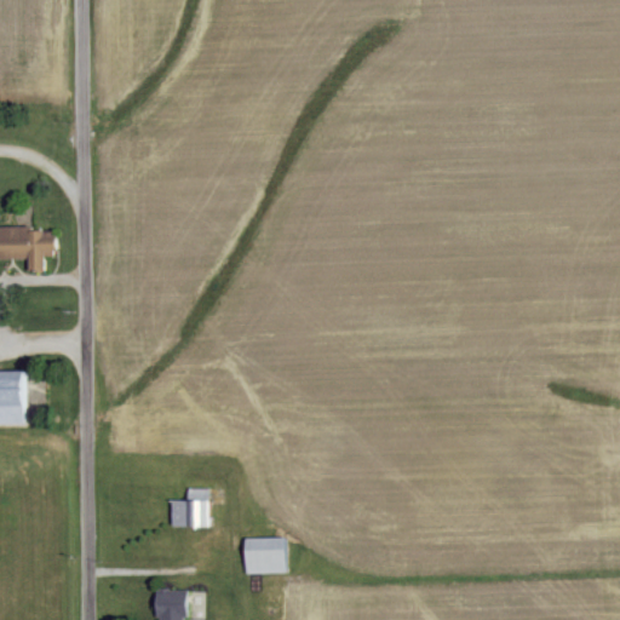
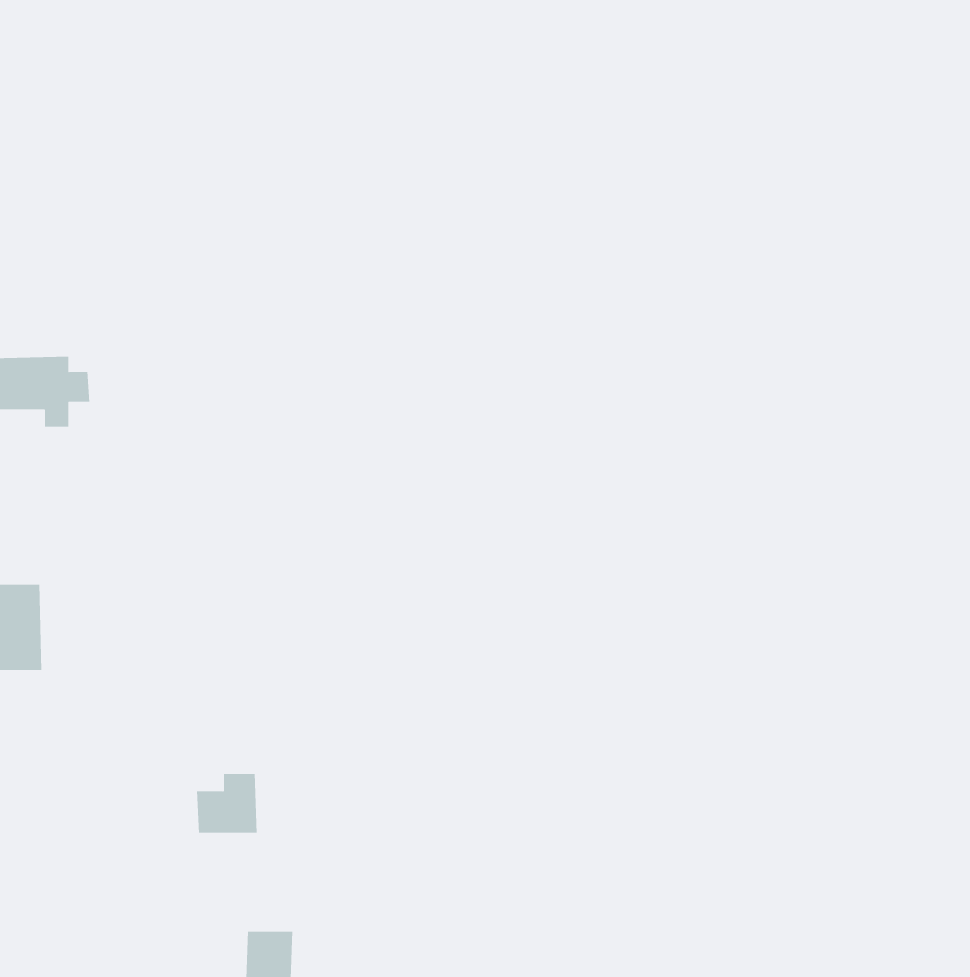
building: [171,489,209,527] -> [196,774,258,833]
building: [245,538,286,574] -> none

